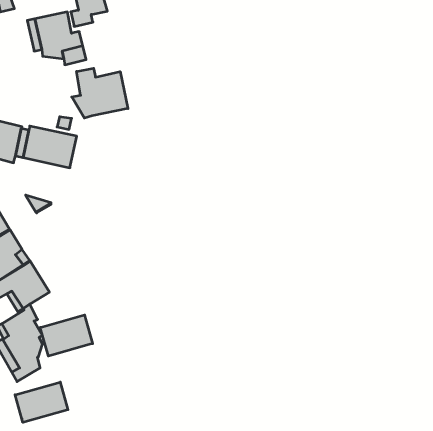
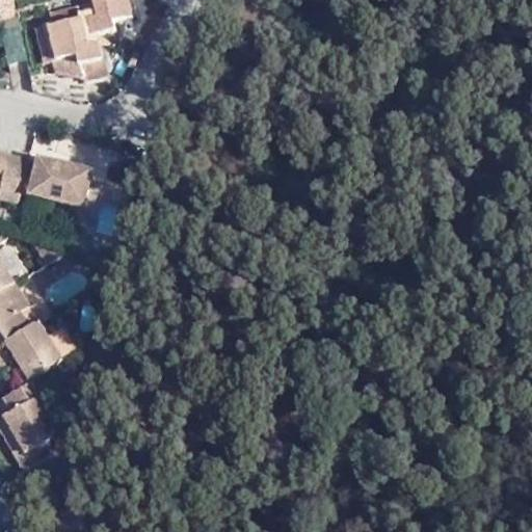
building: [72,68,128,118] -> none
building: [40,315,93,356] -> none
building: [15,382,68,422] -> none

